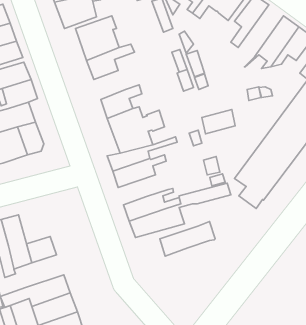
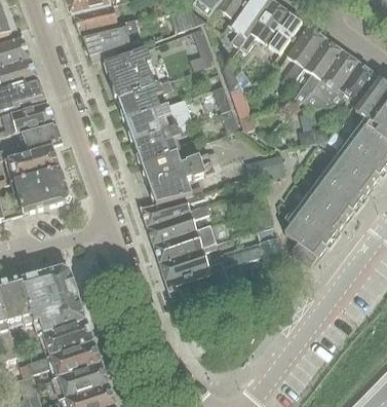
building: none -> [287,34,339,104]
building: none -> [124,98,189,141]
building: none -> [39,265,75,304]
building: [160,222,215,256] -> [152,221,215,260]
building: none -> [39,317,90,354]

